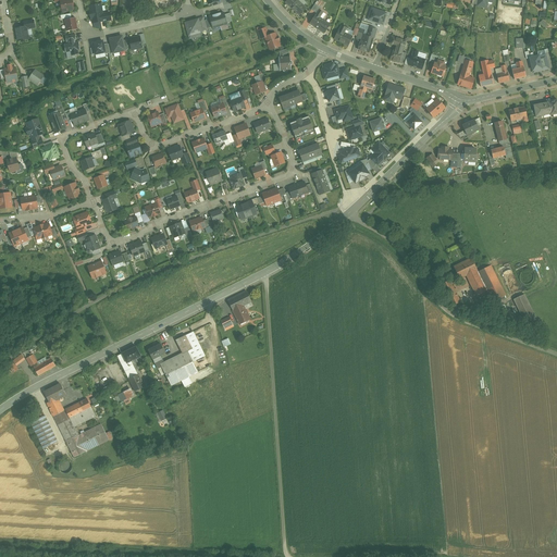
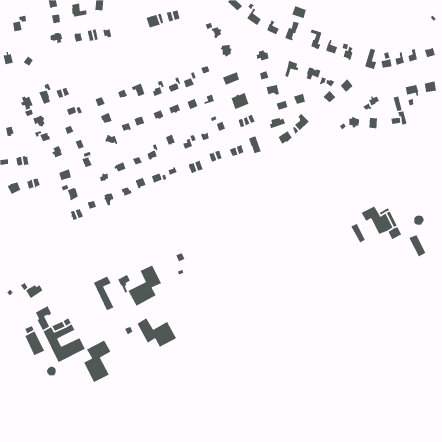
building: [226,290,250,323] -> none
building: none -> [136,317,177,348]
building: none -> [83,339,111,383]

